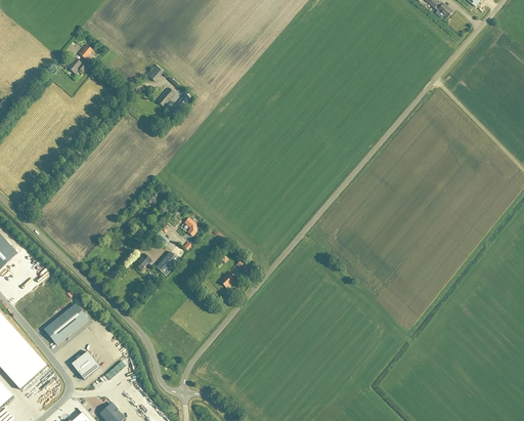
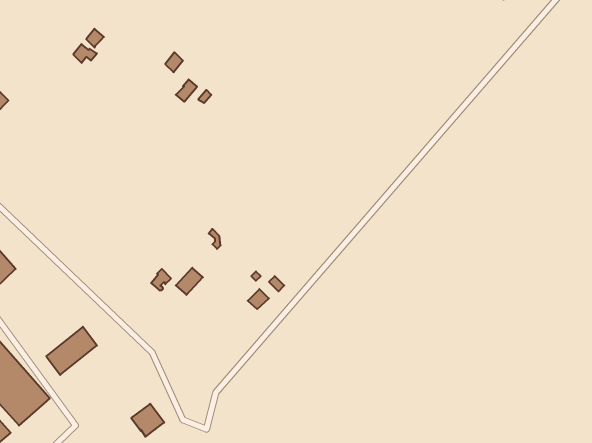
building: [71,350,99,379] -> [131,404,164,437]

